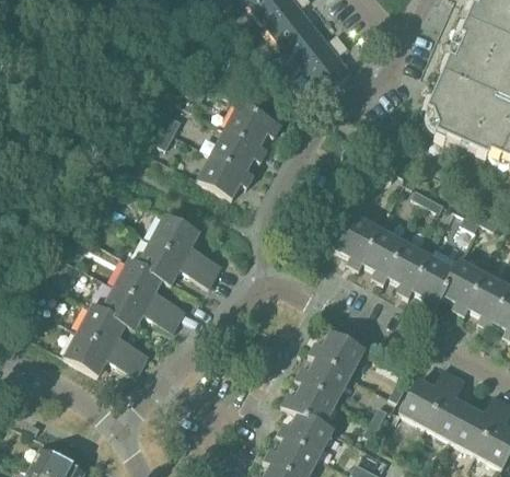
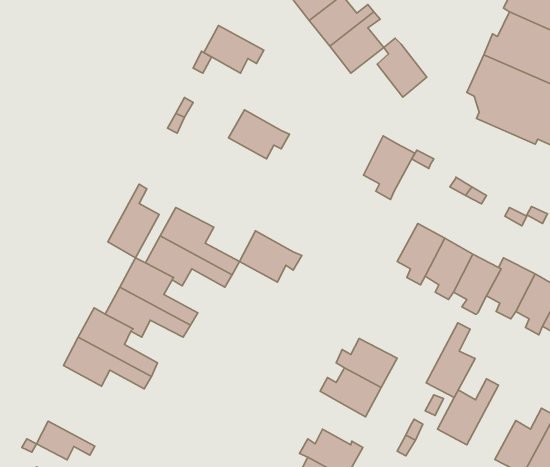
building: none -> [377,38,427,97]
building: [227,103,280,146] -> [204,26,264,73]
building: [198,152,254,198] -> [240,231,302,282]
building: none -> [108,184,159,258]
building: [336,213,382,270] -> [364,136,415,200]
building: [426,373,470,440] -> [426,323,475,398]
building: [280,383,335,427] -> none
building: none -> [37,421,95,460]

